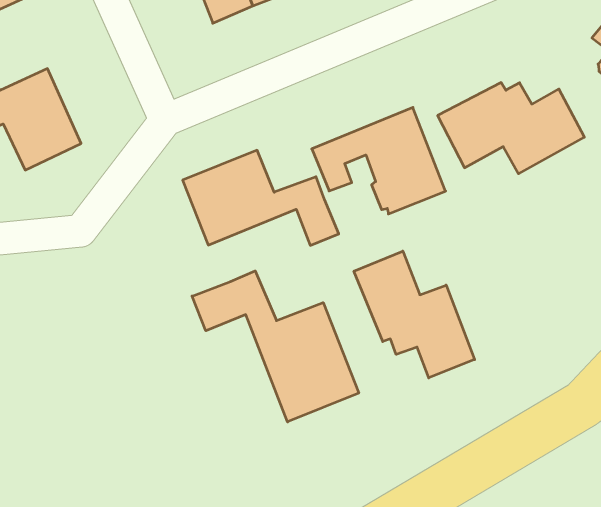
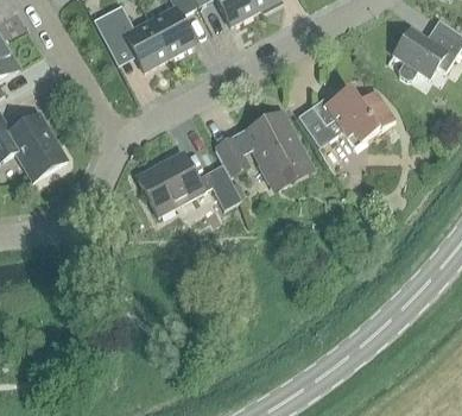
building: [354,251,475,378] -> none
building: [192,271,359,422] -> none

